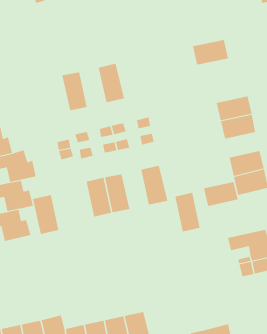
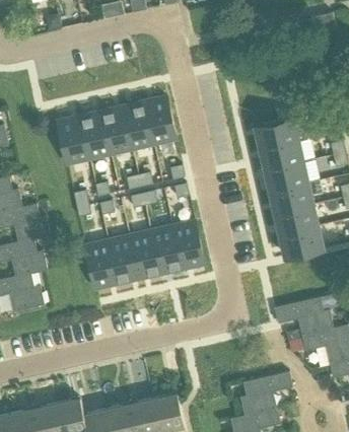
building: [192,39,229,65] -> [256,119,298,149]
building: none -> [144,97,177,144]
building: none -> [101,107,132,154]
building: none -> [58,117,89,164]
building: [203,181,239,206] -> [271,184,312,213]
building: [174,192,201,232] -> [151,227,182,274]
building: [32,195,59,234] -> [86,241,118,288]
building: none -> [240,371,292,416]

